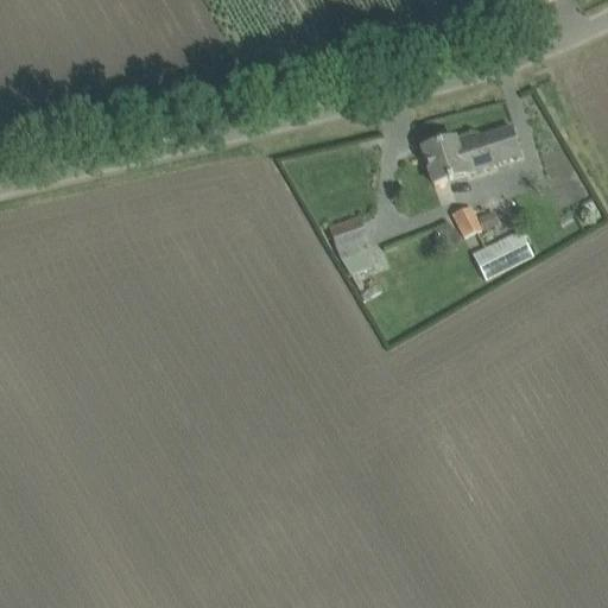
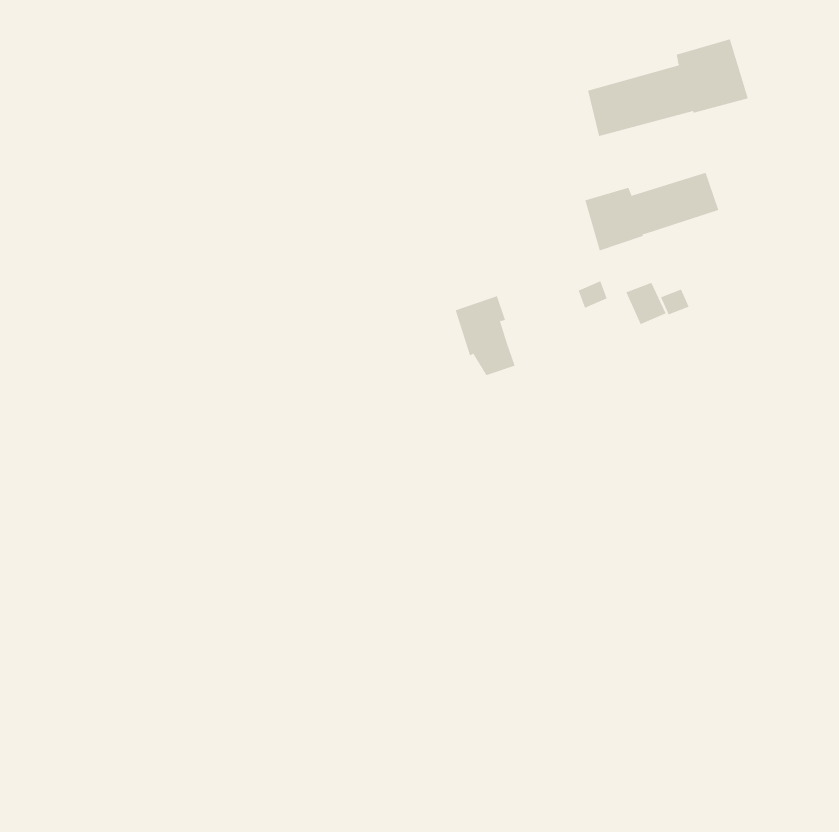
building: none -> [587,38,749,137]
building: [471,228,533,279] -> none

